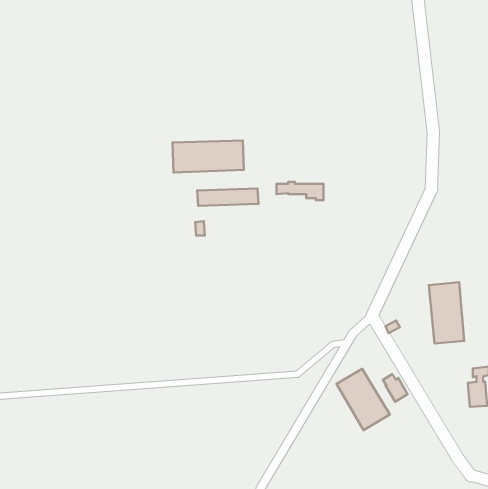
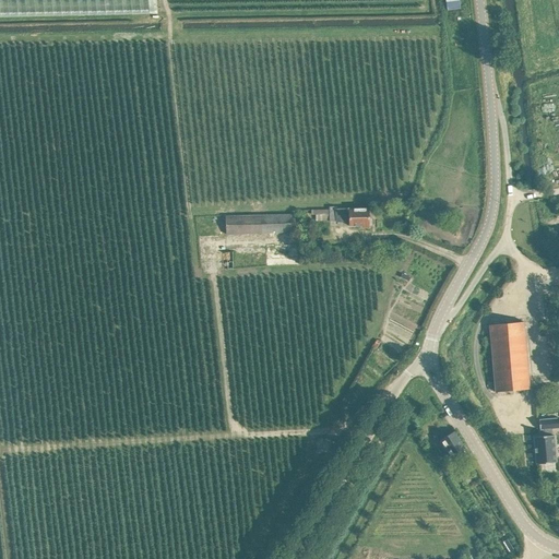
building: [172,140,244,173] -> none
building: [336,369,390,430] -> none

